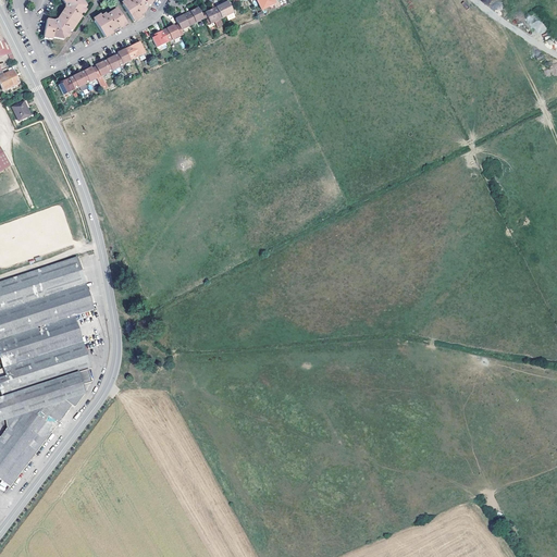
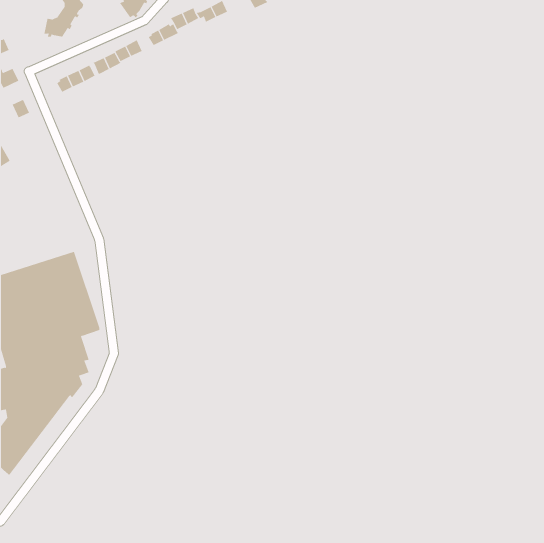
building: [94,8,126,35] -> none

